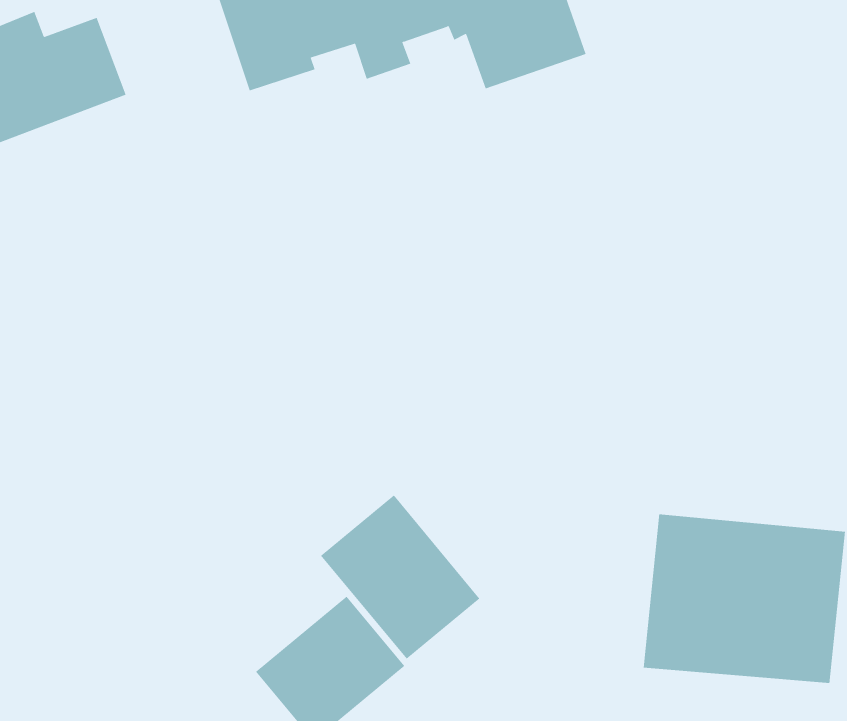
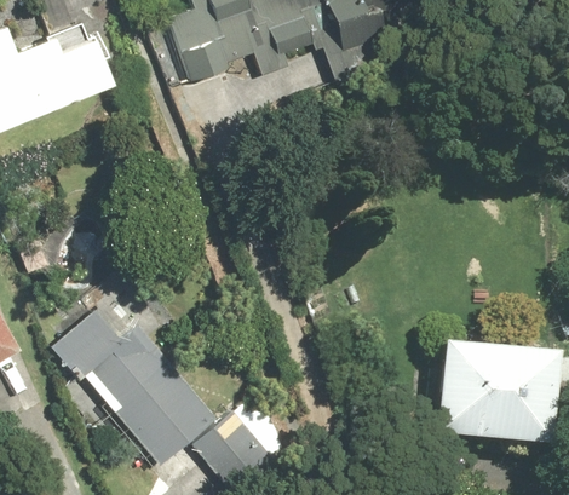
building: none -> [51,297,220,467]
building: [320,495,480,659] -> none

